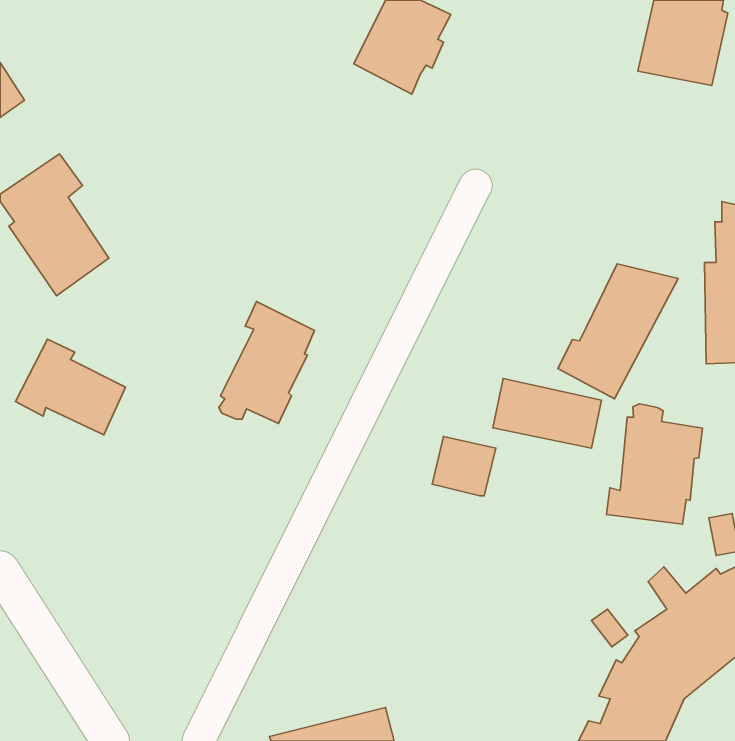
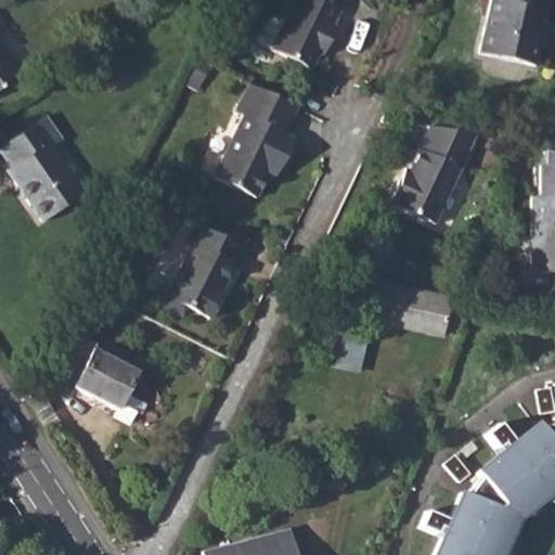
building: none -> [216,82,300,195]
building: [558,264,678,399] -> [395,128,485,229]
building: [15,339,126,435] -> [55,336,138,408]
building: [606,404,702,524] -> none

